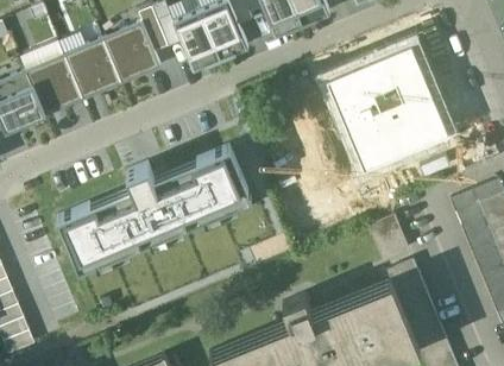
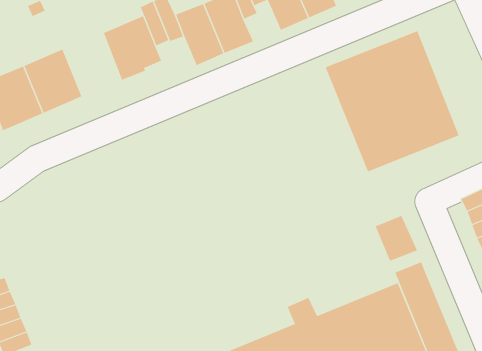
building: [65,37,122,99] -> none
building: [59,144,253,269] -> none

